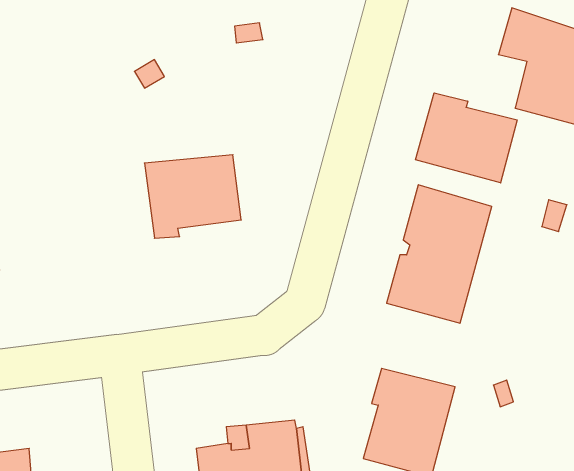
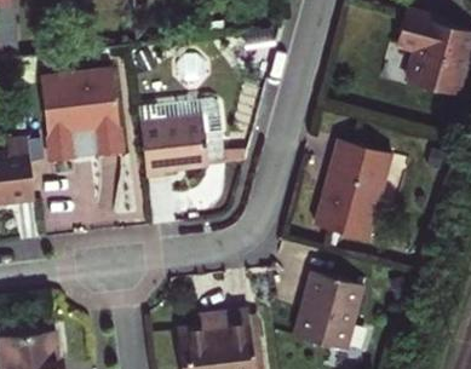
building: none -> [40,69,122,161]
building: [415,93,517,183] -> none

